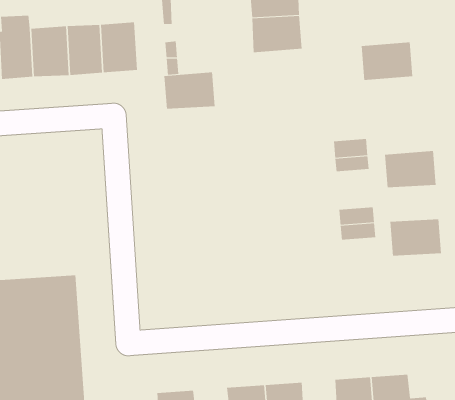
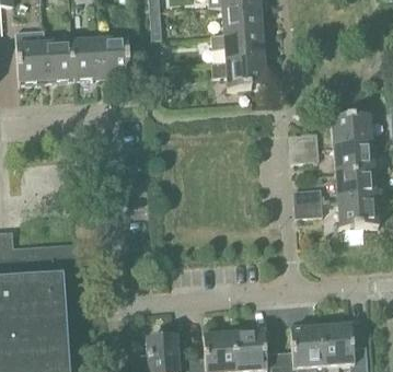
building: [361,42,413,80] -> [328,112,371,143]
building: [163,72,216,109] -> [223,57,266,88]
building: none -> [333,168,375,198]

